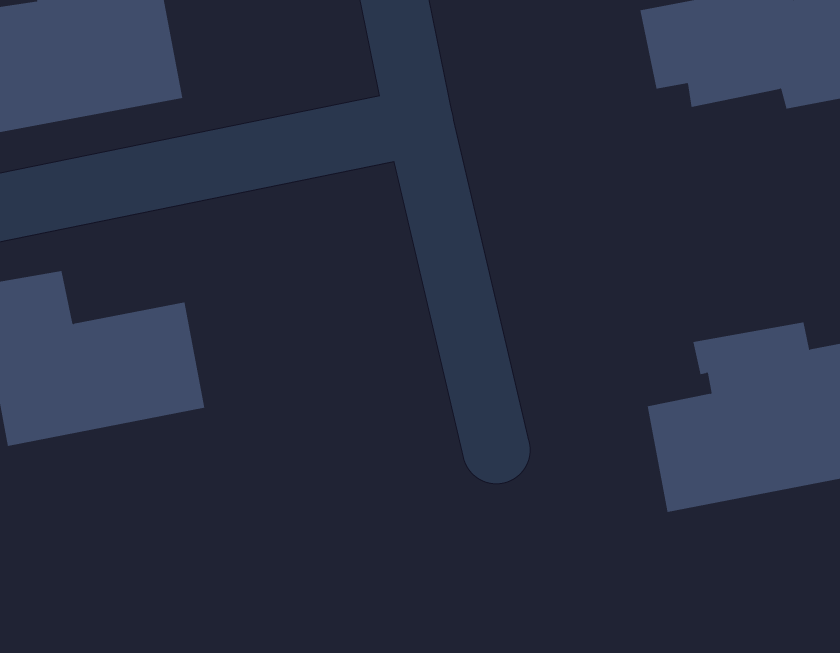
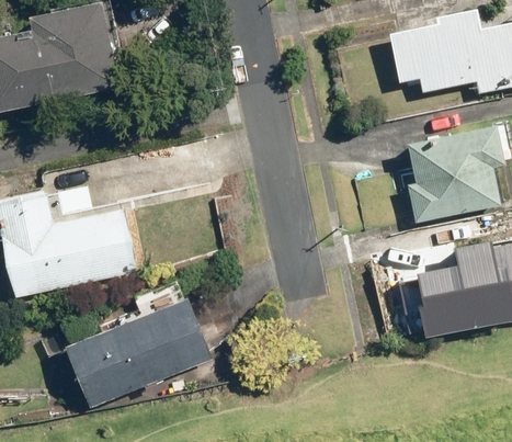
building: none -> [408,126,507,224]
building: none -> [64,298,211,407]

